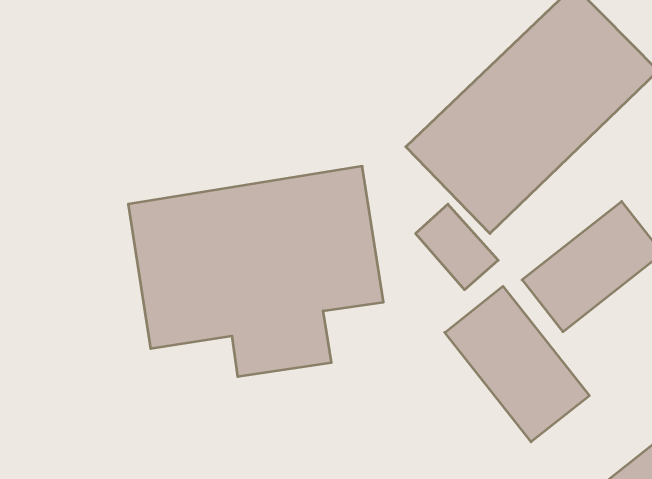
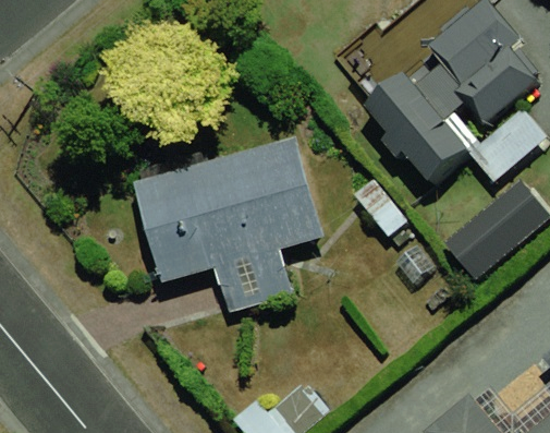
building: [445,286,589,442] -> none

